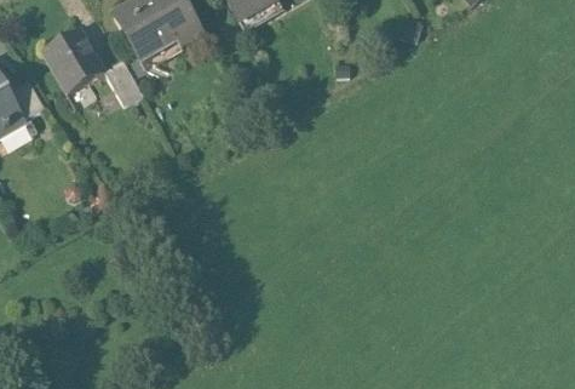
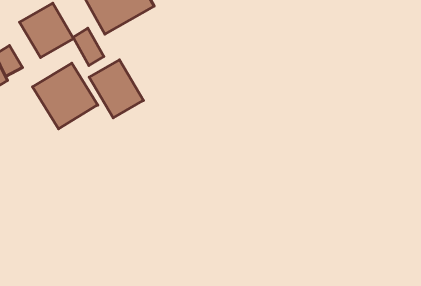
building: none -> [89,60,144,118]
building: none -> [33,63,98,129]

